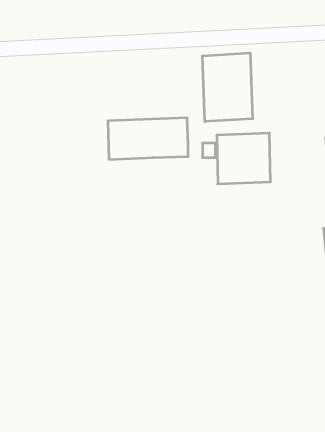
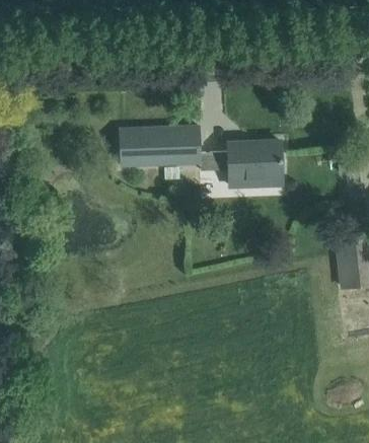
building: [202,53,253,122] -> none

